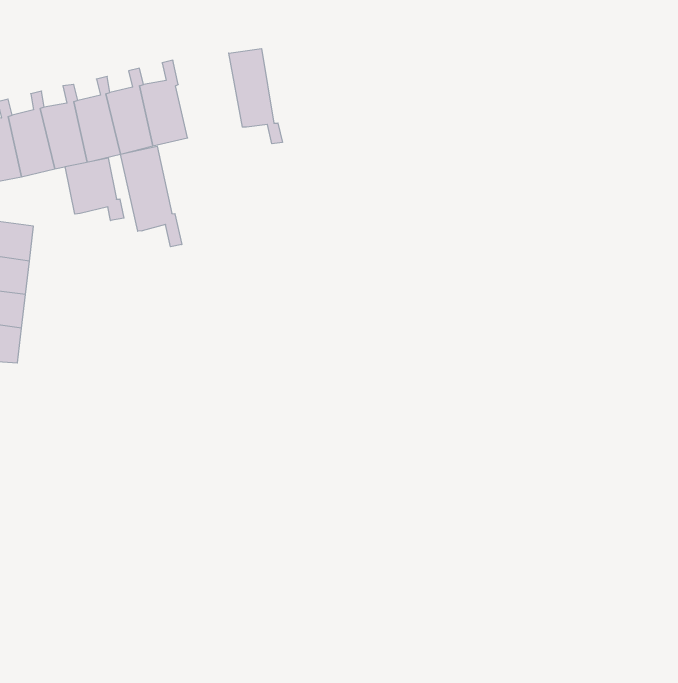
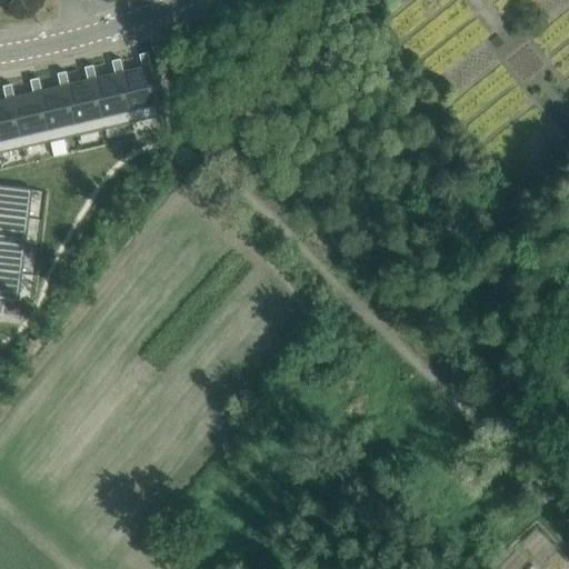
building: [229,49,282,144] -> none
building: [121,146,182,247] -> none
building: [65,158,124,221] -> none

